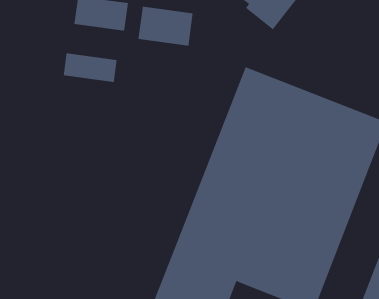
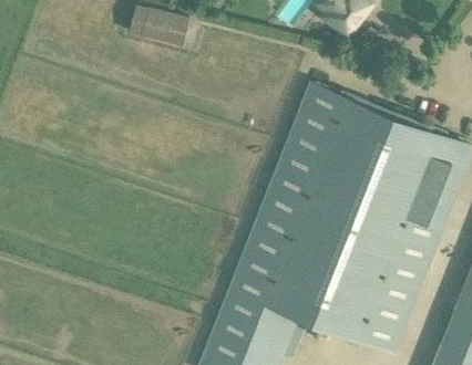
building: [138,6,193,46] -> none
building: [63,53,117,83] -> none

